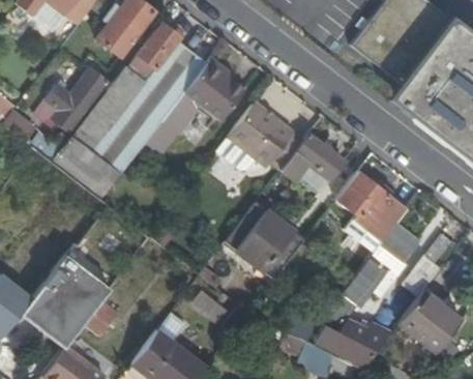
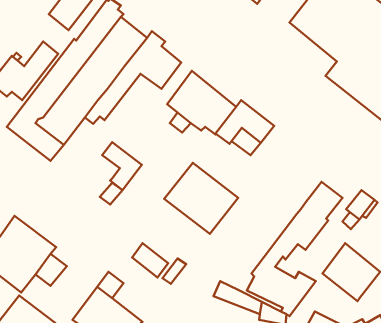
building: [336,171,409,252] -> none
building: none -> [102,142,142,190]

